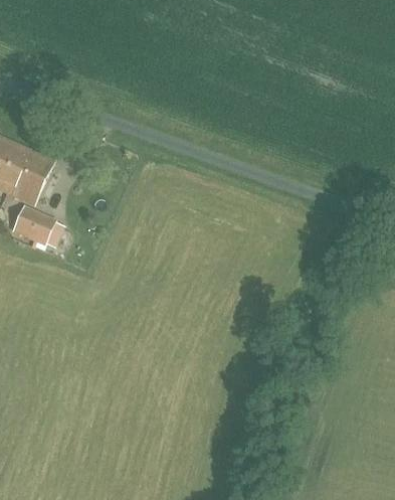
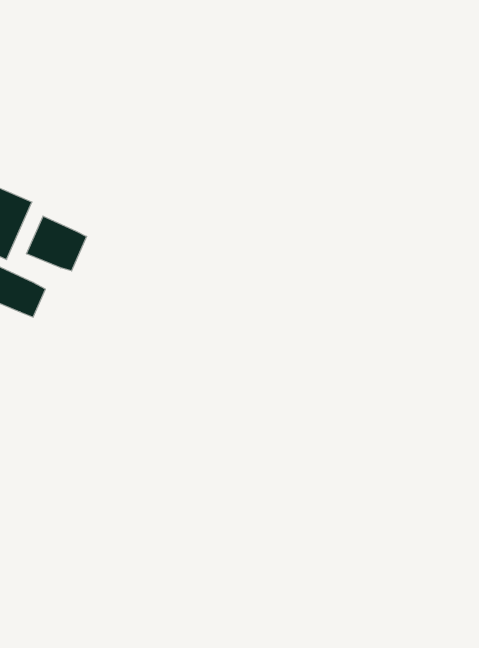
building: none -> [27,216,87,271]

